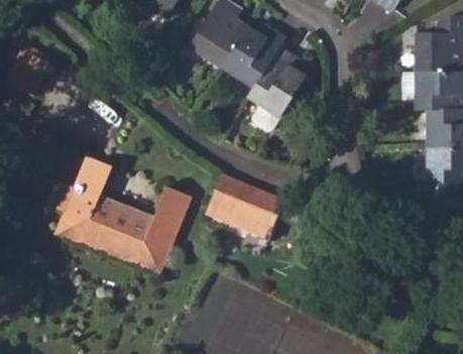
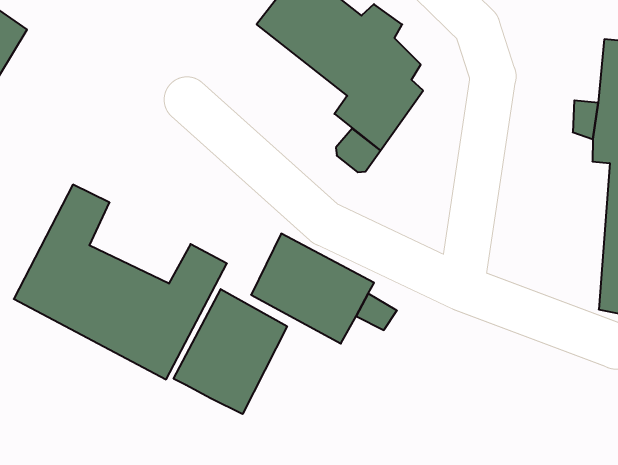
building: none -> [174,289,287,414]

